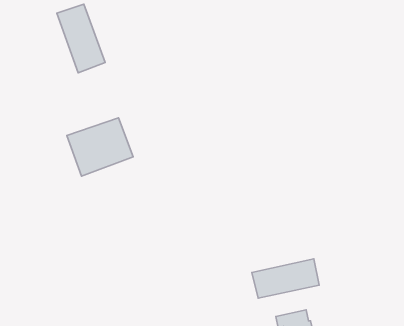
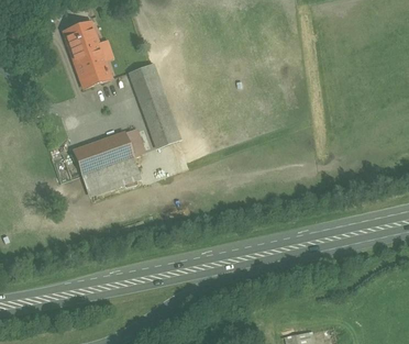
building: none -> [130,64,179,147]
building: [252,259,319,298] -> none

